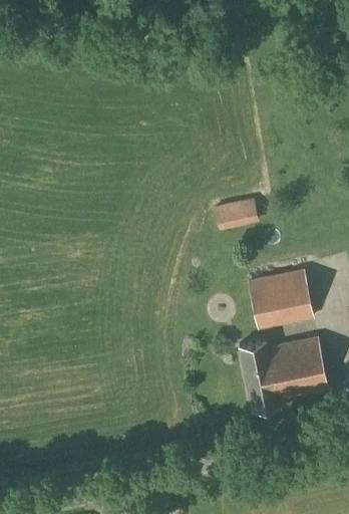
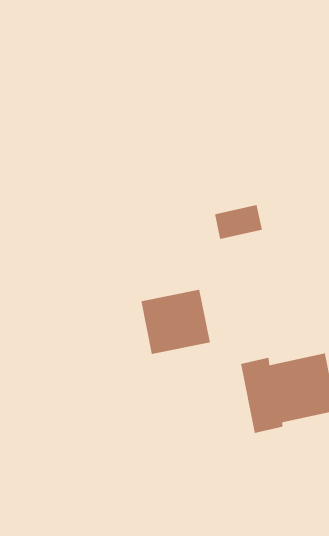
building: [249,268,314,329] -> [140,289,211,355]

